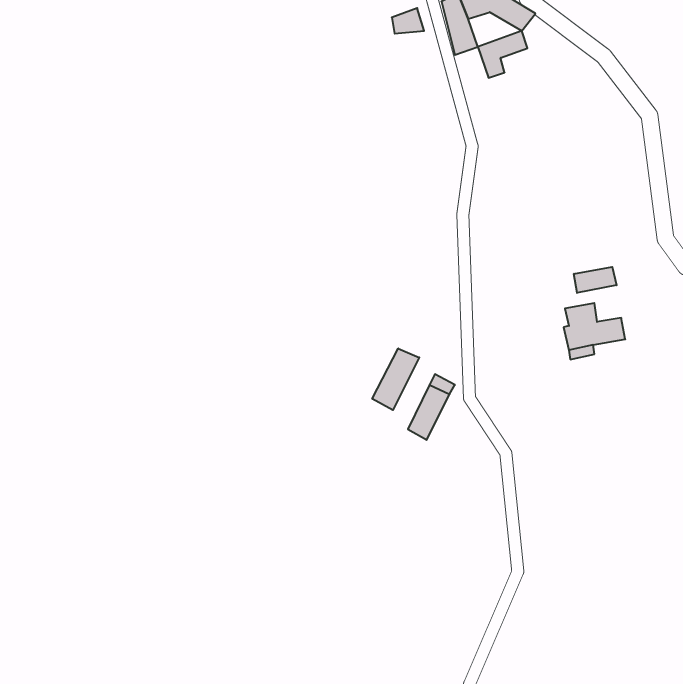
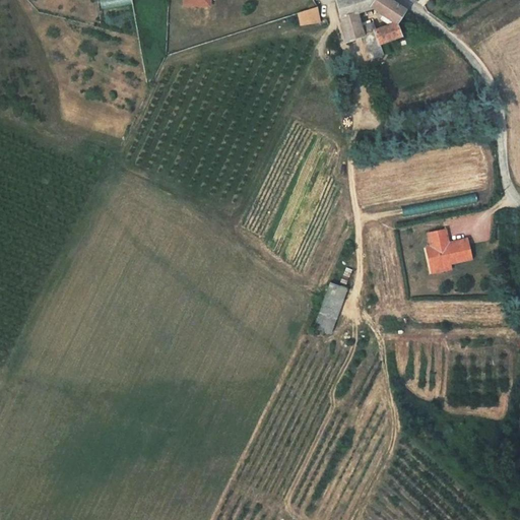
building: [574,267,617,293] -> none
building: [372,348,419,410] -> none

